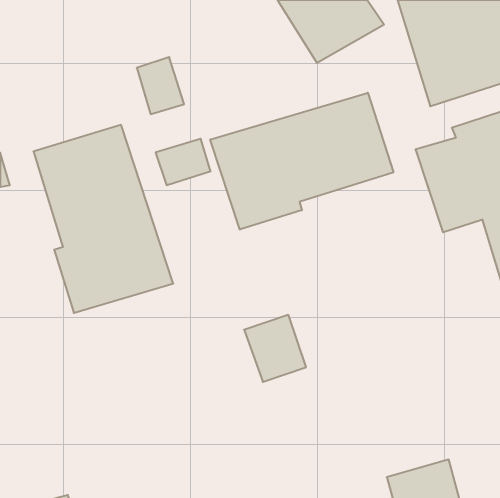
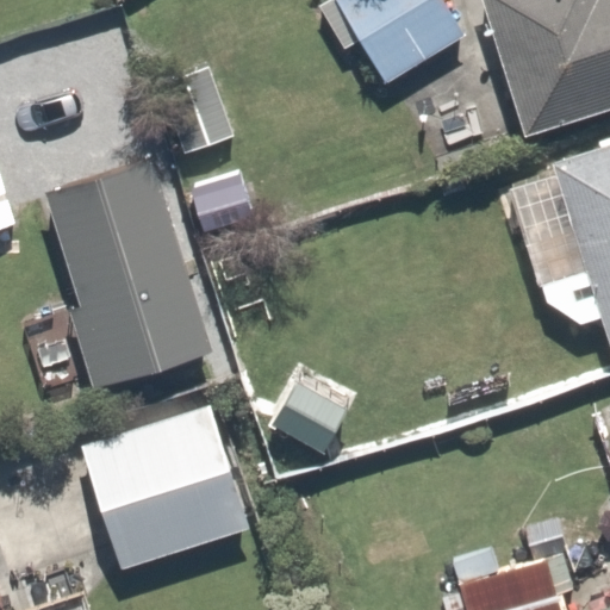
building: [210,93,393,230] -> none
building: none -> [80,405,250,569]

